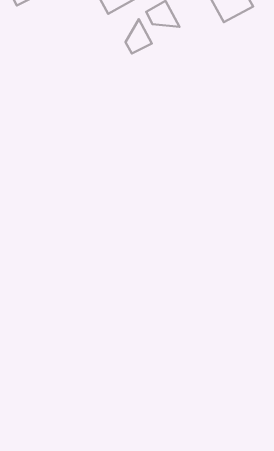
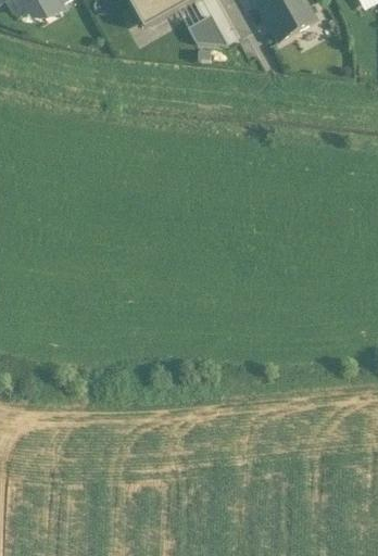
building: [126,19,152,54] -> none

